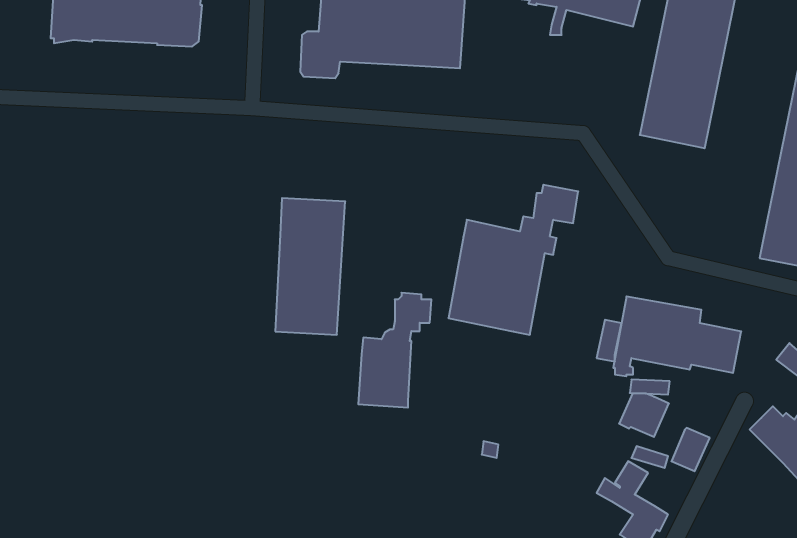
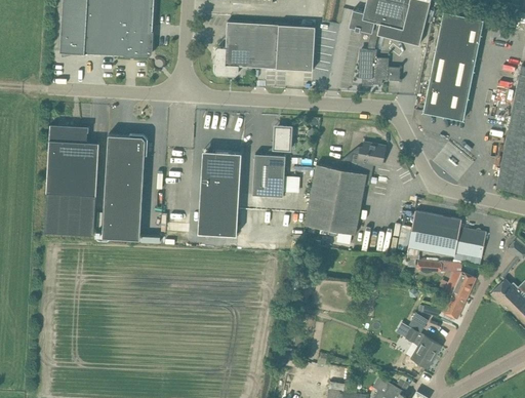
building: none -> [358,50,400,85]
building: none -> [44,127,99,235]
building: none -> [103,134,146,240]
building: [358,293,431,408] -> [252,126,297,197]
building: [619,394,669,437] -> [445,272,476,298]

